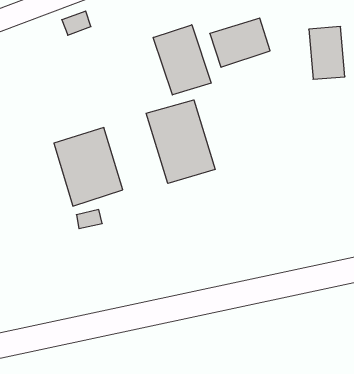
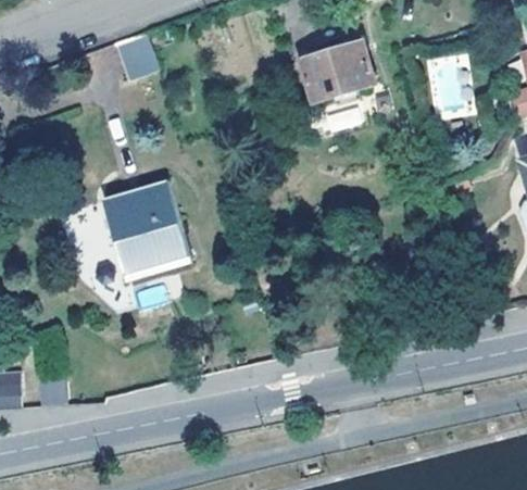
building: [153,25,211,95] -> none
building: [146,100,215,183] -> none

